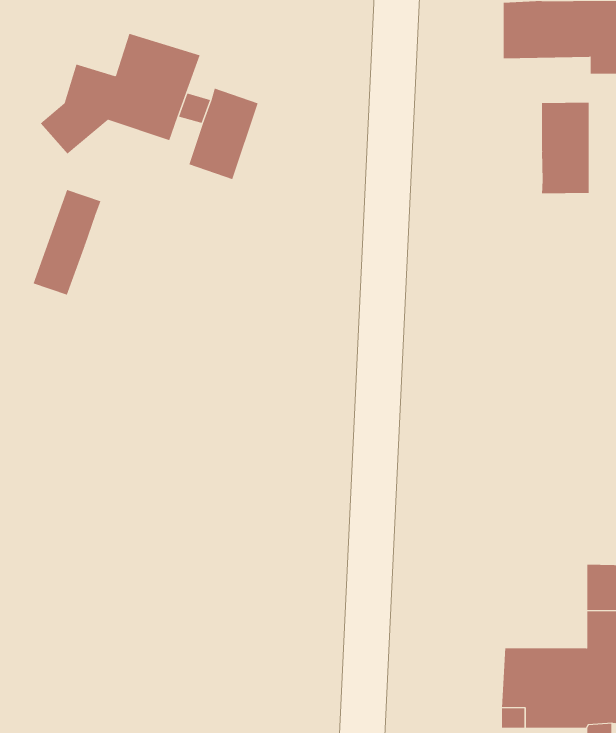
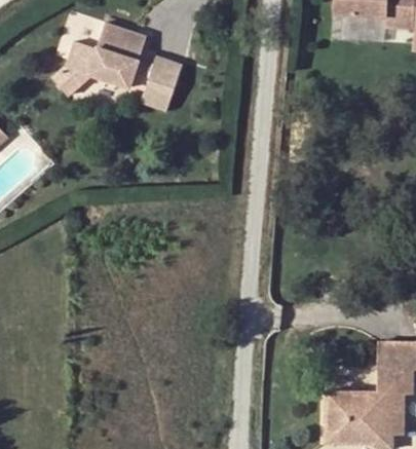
building: [542,102,589,194] -> none
building: [33,189,101,296] -> none

